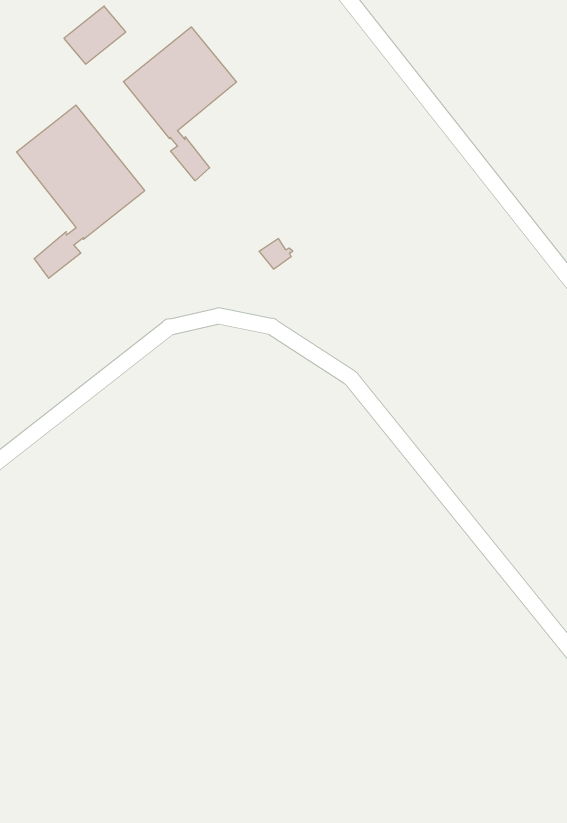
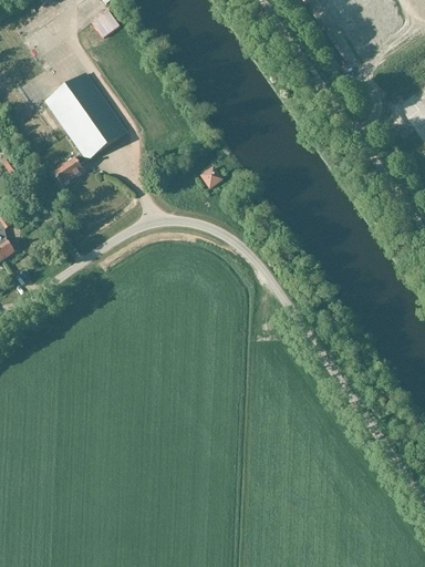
building: [123,27,237,181] -> none

